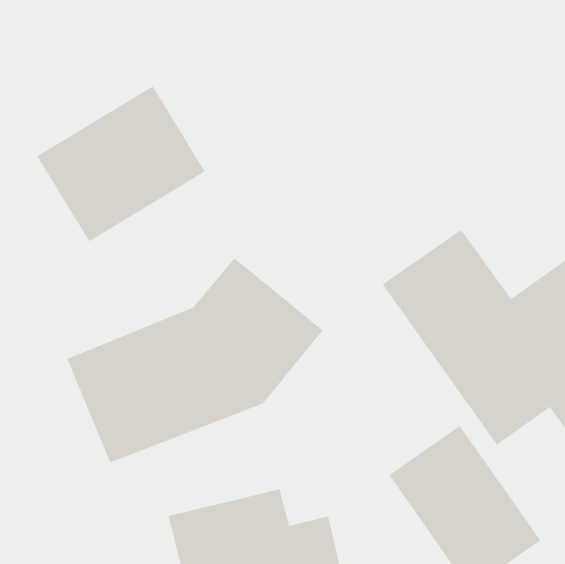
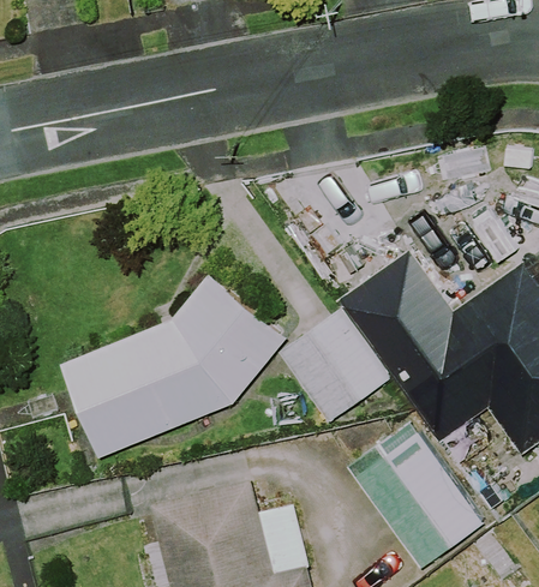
building: [36,85,206,242] -> none
building: none -> [277,310,388,423]

